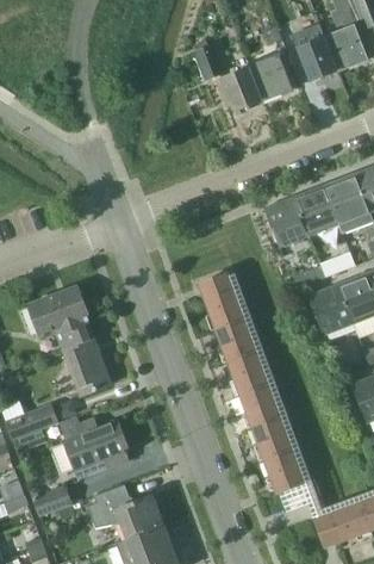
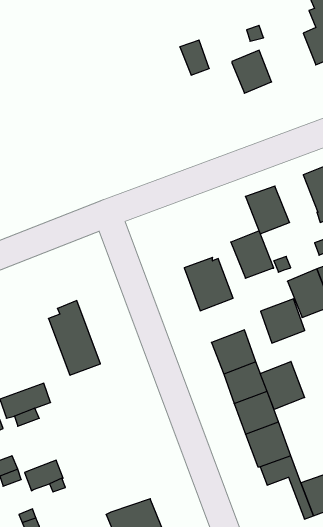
building: [289,23,337,80] -> none
building: [220,67,262,111] -> none
building: [294,185,339,235] -> [231,231,274,278]
building: [27,287,88,337] -> none
building: [216,315,262,361] -> [261,299,305,343]
building: none -> [260,361,305,410]
building: [60,417,129,472] -> none
building: [88,485,163,540] -> none

